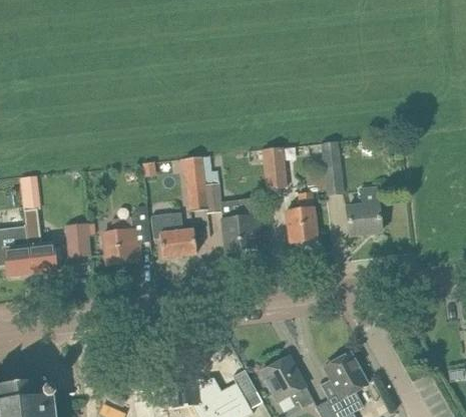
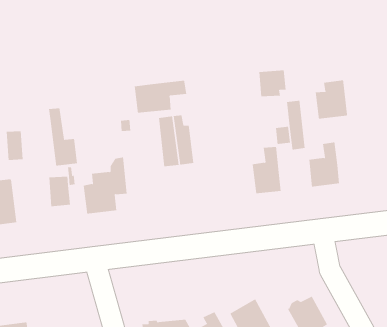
building: none -> [315,80,348,120]
building: none -> [134,80,187,114]
building: [263,148,293,177] -> [259,70,286,97]
building: [221,199,260,251] -> none
building: [23,211,55,274] -> [48,108,78,166]
building: [150,213,195,258] -> none

